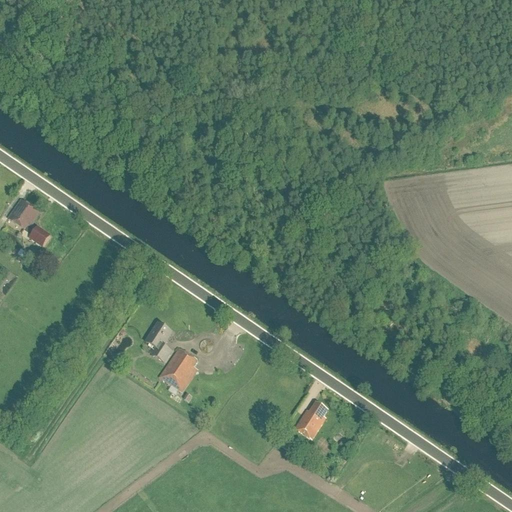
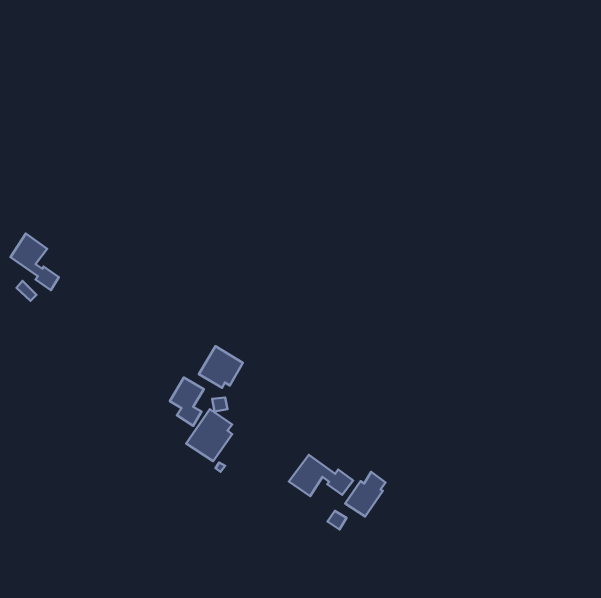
building: none -> [199,346,243,388]
building: none -> [289,455,353,496]

